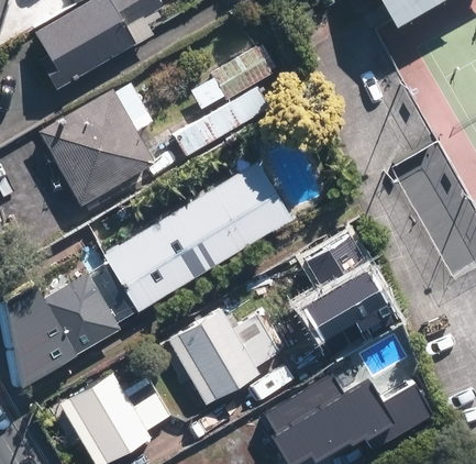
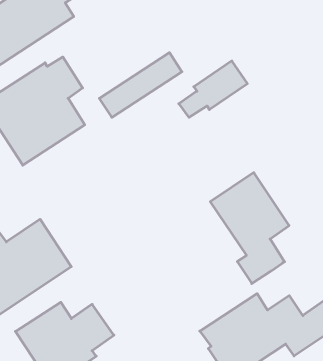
building: [190,45,272,108] -> [179,61,247,117]
building: [100,165,287,316] -> none
building: [167,307,281,405] -> none

